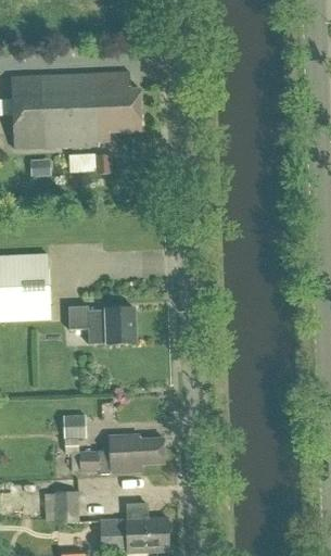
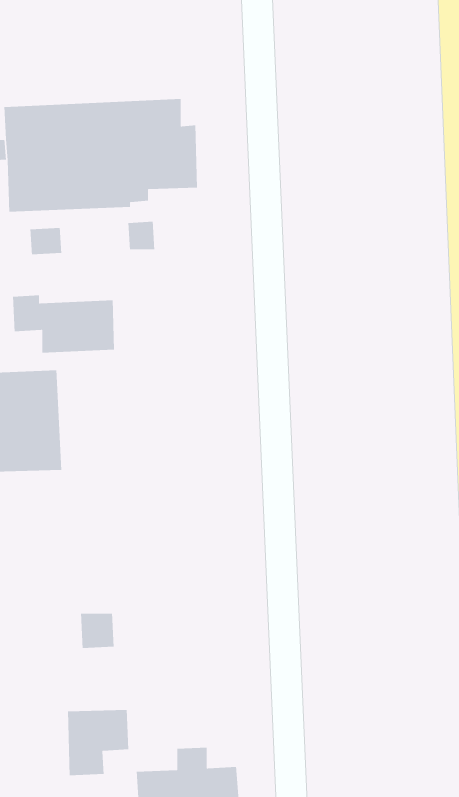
building: [68,305,137,344] -> [12,295,115,353]
building: [79,433,166,472] -> none

